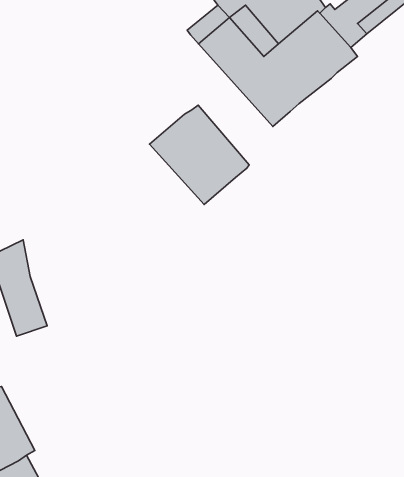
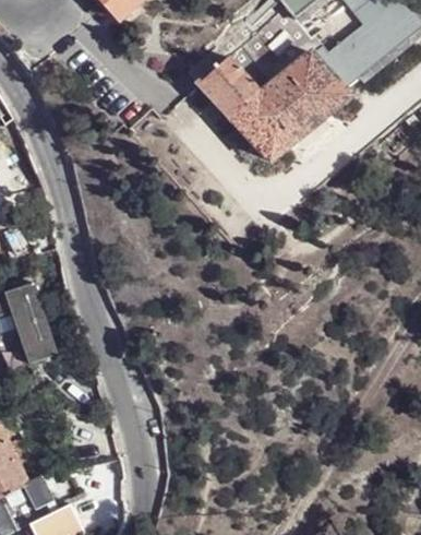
building: [150,105,249,205] -> none

